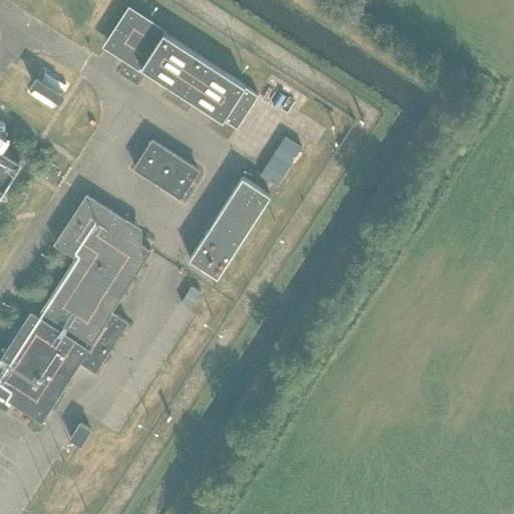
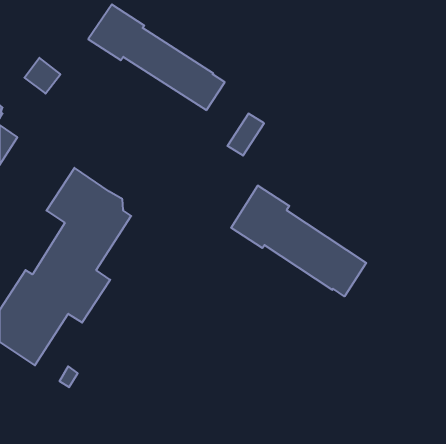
building: [133,141,197,200] -> none
building: [190,179,270,278] -> none
building: none -> [231,185,366,296]

